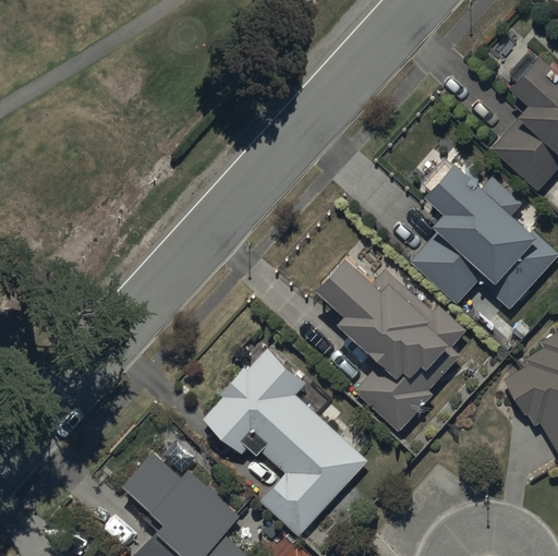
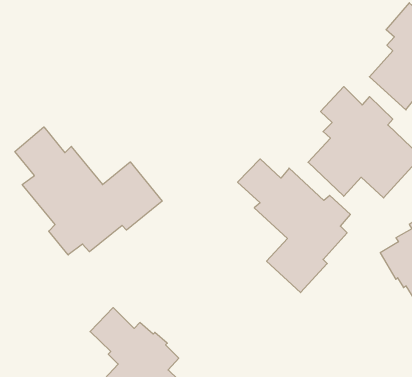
building: none -> [15,127,162,255]
building: [204,351,367,539] -> none

